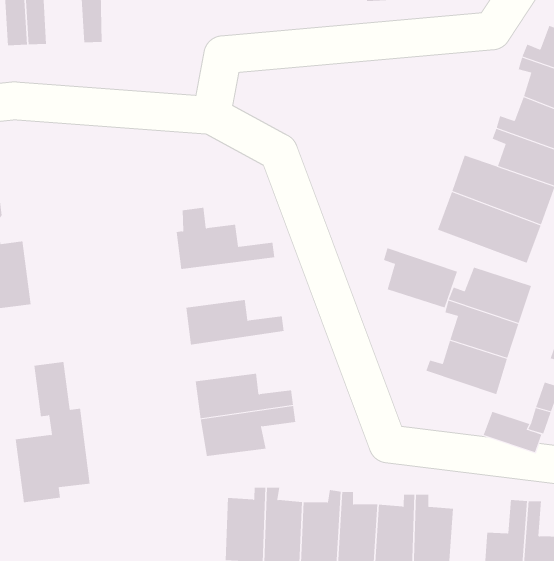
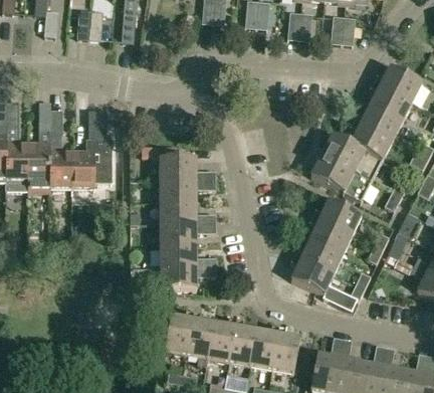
building: [383,248,458,308] -> [291,256,334,296]
building: none -> [161,180,216,202]
building: none -> [161,223,216,245]
building: [15,361,90,503] -> [72,111,113,189]

